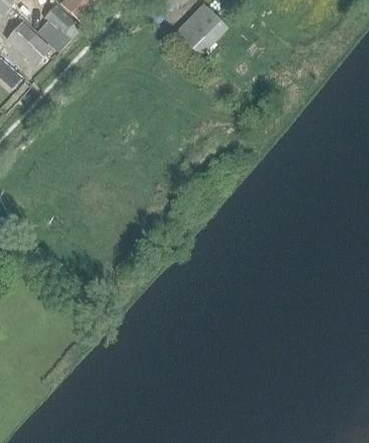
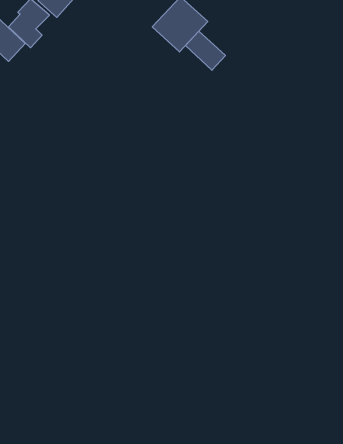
building: none -> [185,31,225,70]

